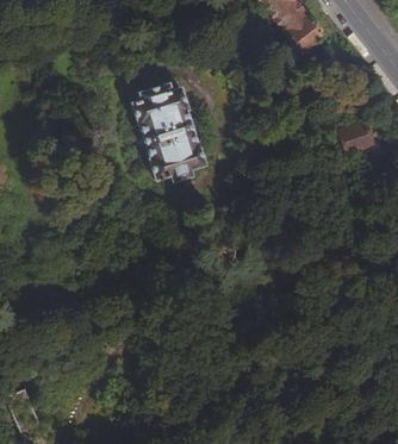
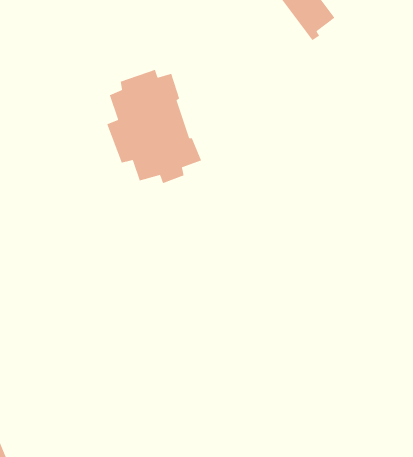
building: [338,123,372,152] -> none

